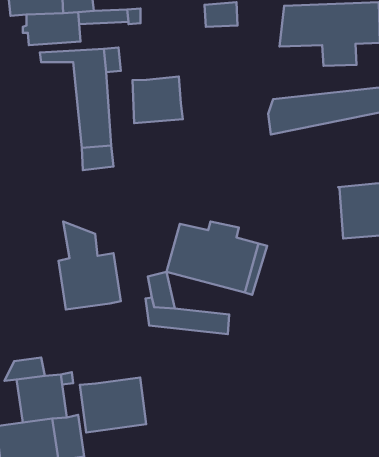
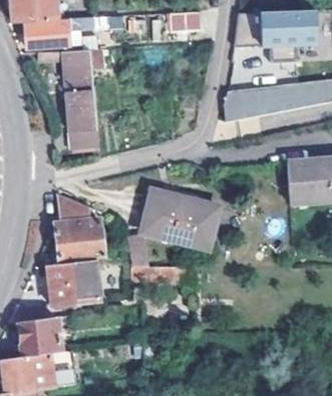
building: [132,76,183,123] -> none
building: [80,377,146,433] -> [46,258,100,303]

